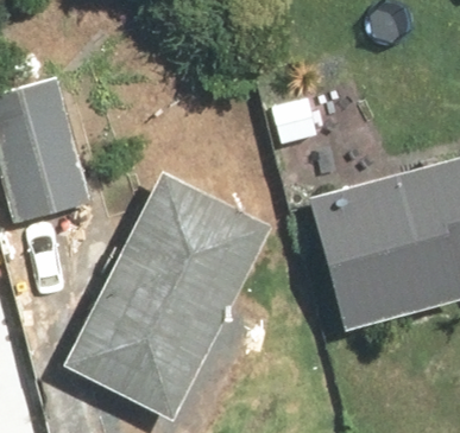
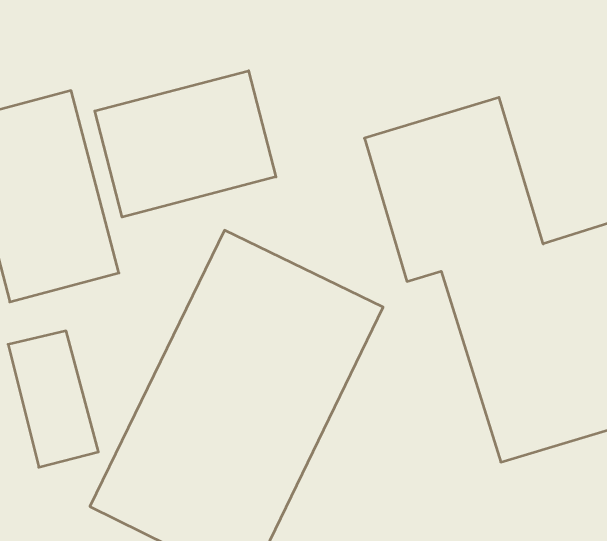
building: none -> [95,71,276,217]

